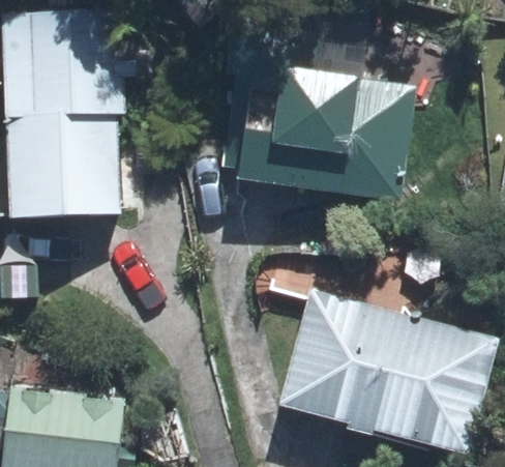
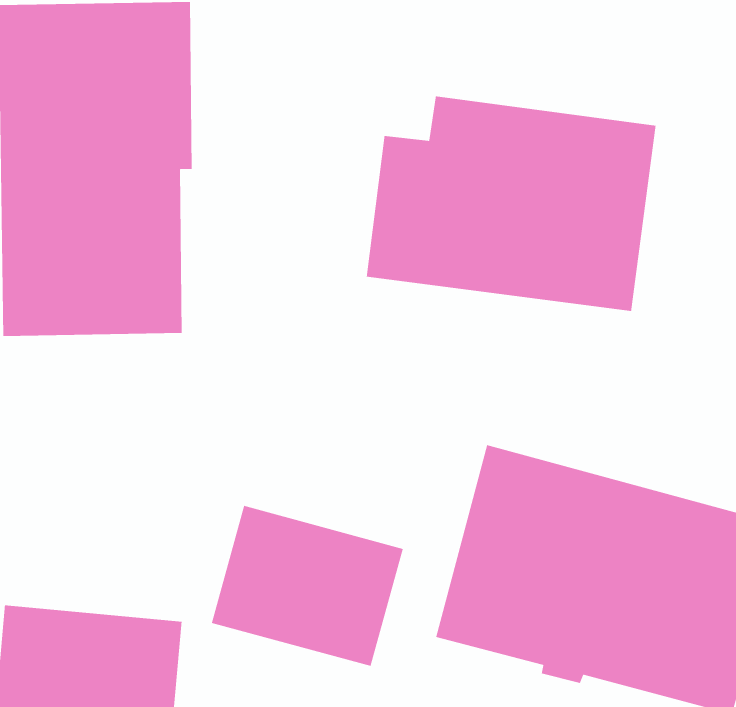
building: none -> [211,505,404,667]

